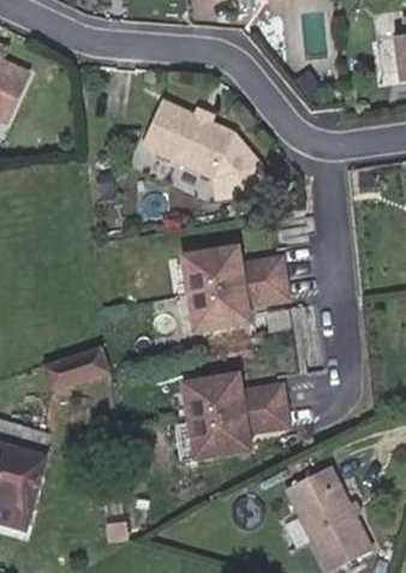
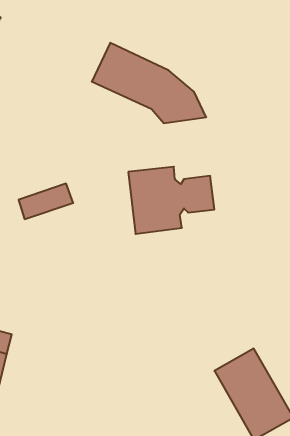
building: [47,351,112,393] -> [19,184,73,219]
building: [179,375,282,455] -> none

